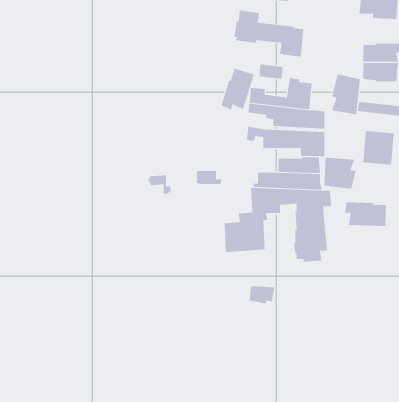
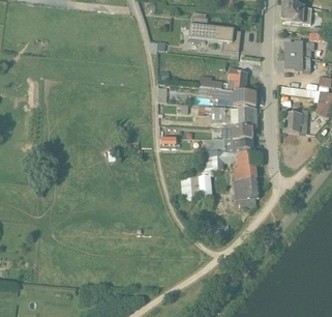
building: [221,68,254,111] -> none
building: [331,74,361,115] -> none
building: [324,157,356,189] -> none
building: [345,201,386,227] -> none

